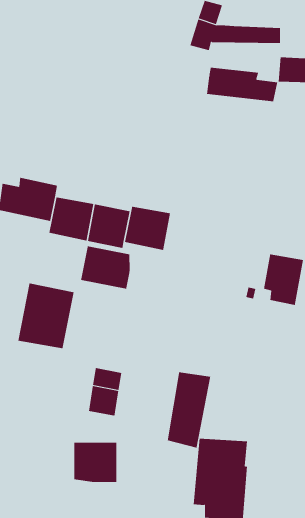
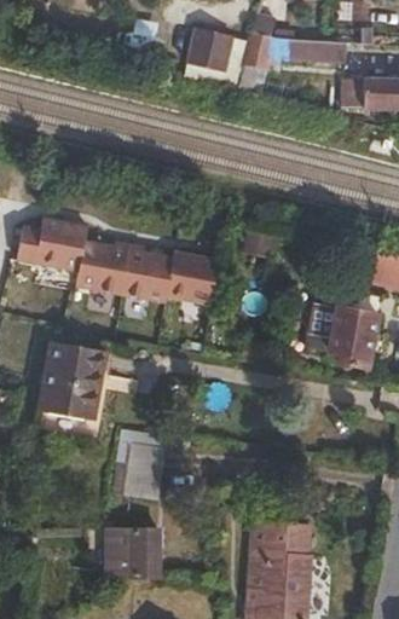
building: none -> [189,27,235,73]
building: [207,67,278,102] -> none
building: [81,246,130,290] -> none
building: [167,372,211,448] -> none

